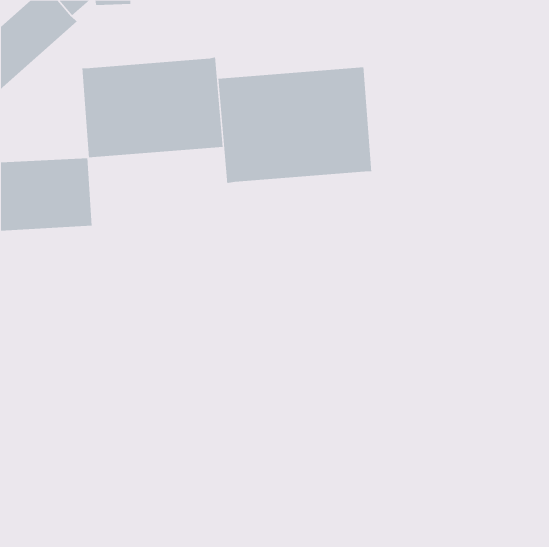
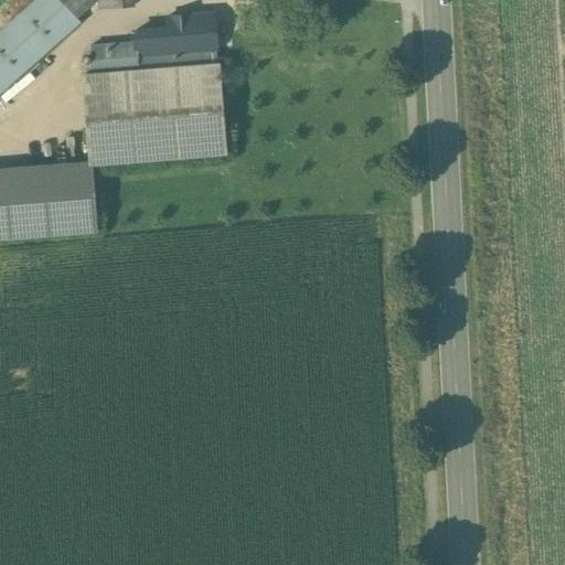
building: none -> [89,13,215,72]
building: [218,66,372,184] -> none

